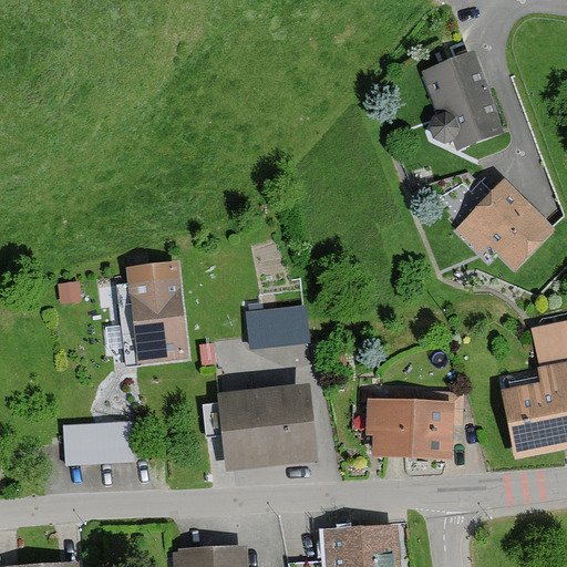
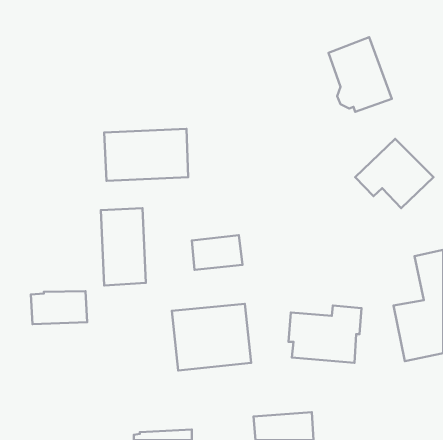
building: none -> [104,129,188,181]
building: [61,422,133,464] -> [31,291,87,324]

